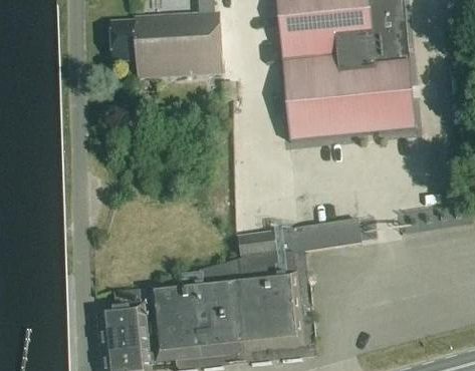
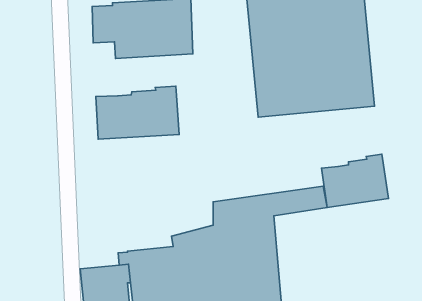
building: none -> [96,86,179,139]
building: none -> [322,154,389,207]

